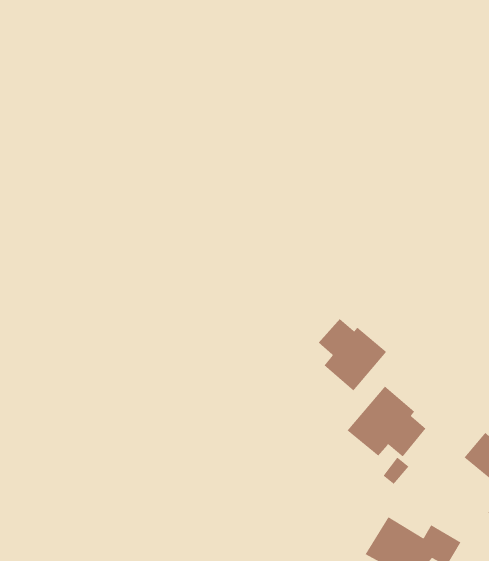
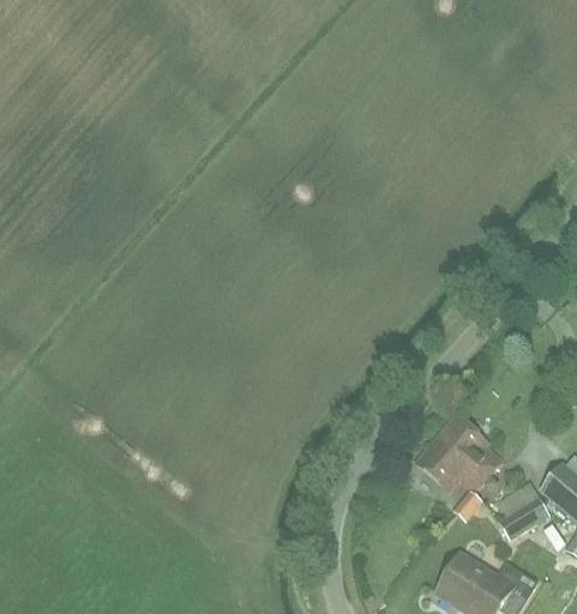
building: [318,318,387,392] -> none
building: none -> [499,499,548,540]

